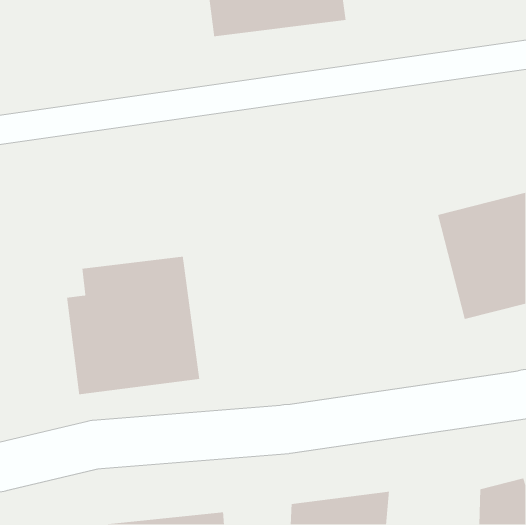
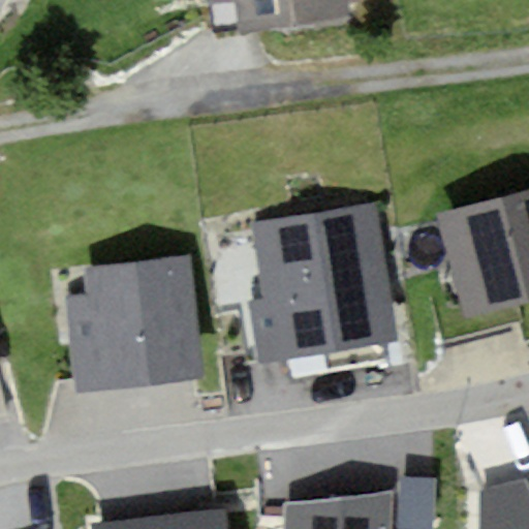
building: none -> [262,199,407,353]

